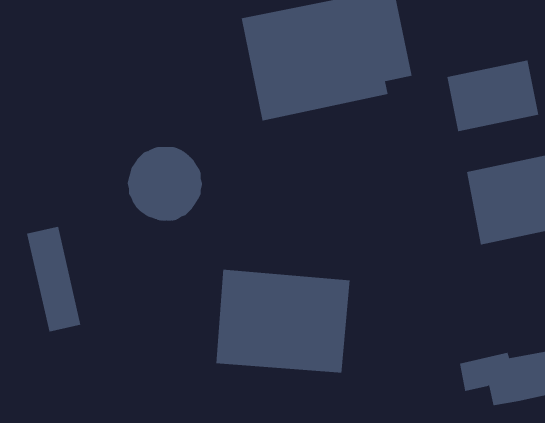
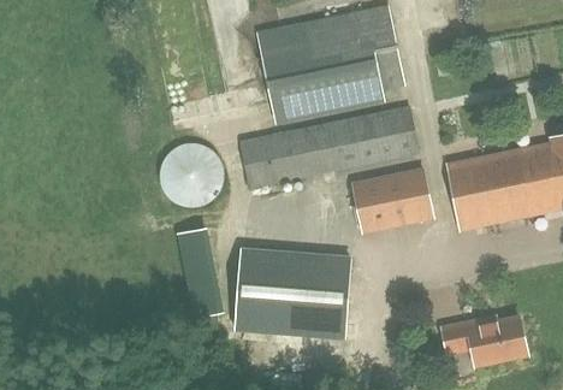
building: [446,60,539,132] -> [352,170,432,231]
building: none -> [241,107,417,187]
building: [26,226,81,332] -> [170,224,217,314]

